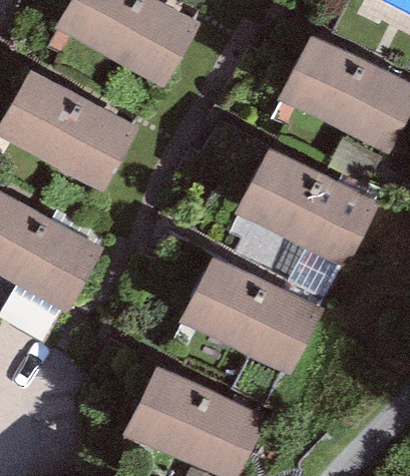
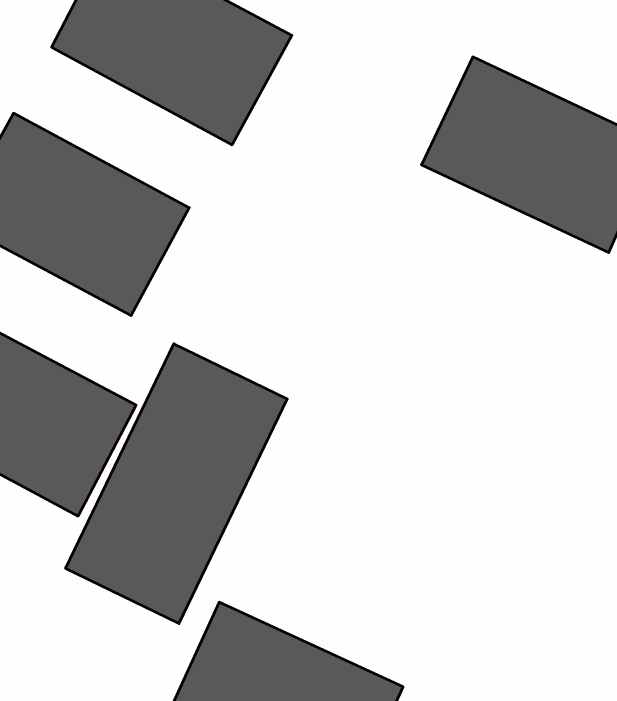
building: [237,149,379,270] -> none
building: none -> [66,344,287,624]
building: [178,253,325,376] -> none

